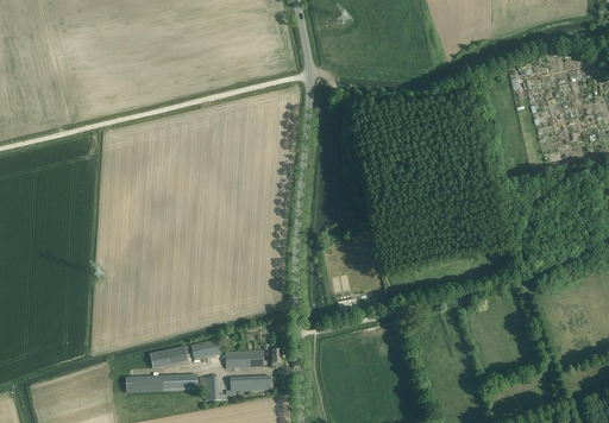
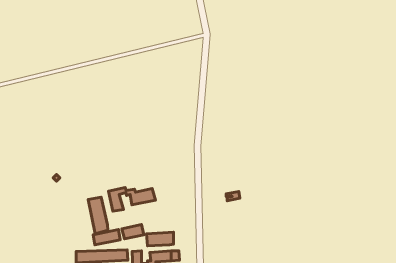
building: none -> [108,187,156,211]
building: none -> [88,197,108,234]

